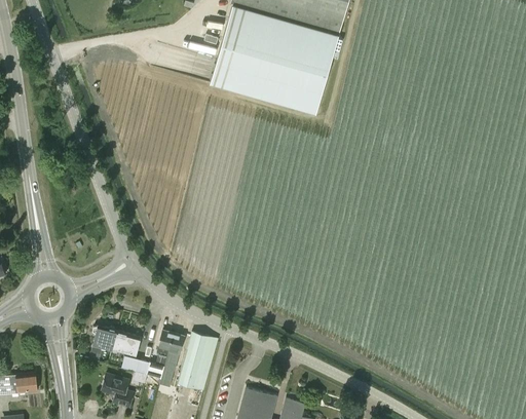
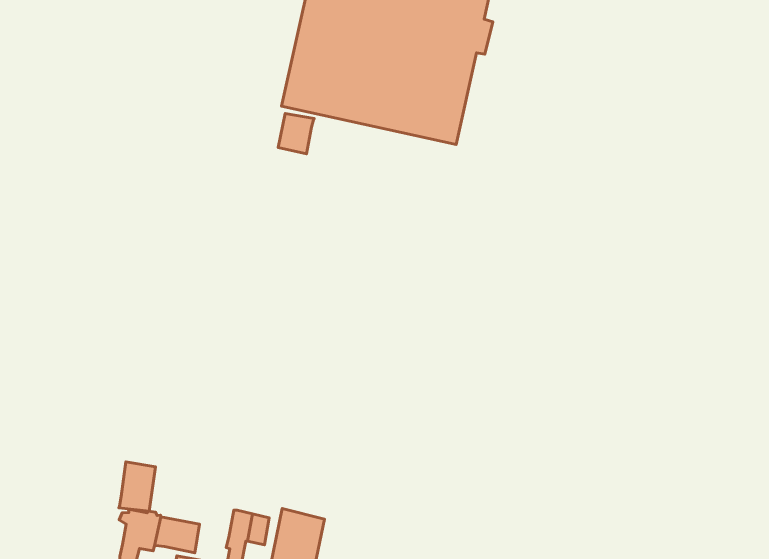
building: none -> [278,113,314,154]
building: none -> [119,462,155,511]

